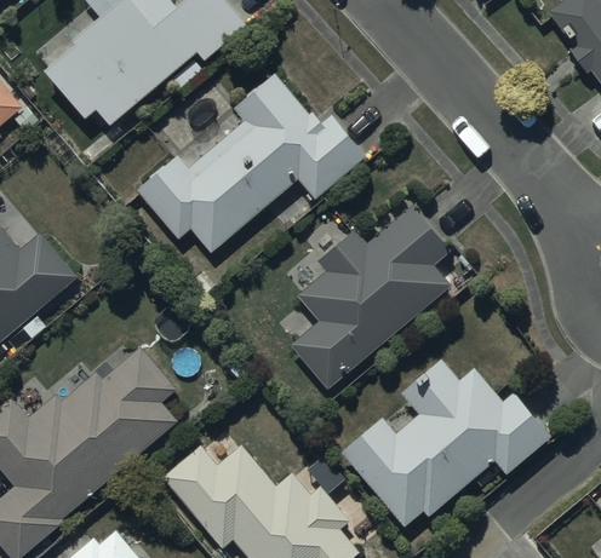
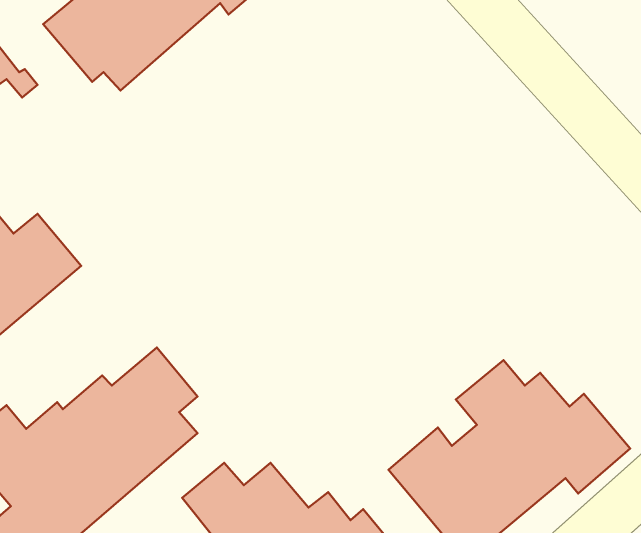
building: [138,74,366,251] -> none
building: [290,206,452,390] -> none

